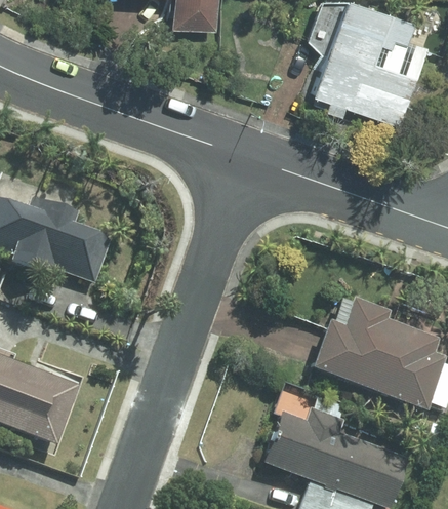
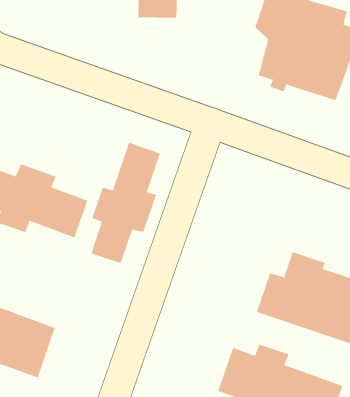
building: none -> [91,142,161,264]

